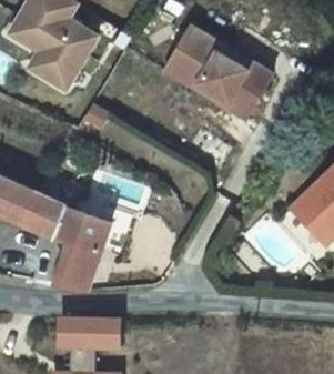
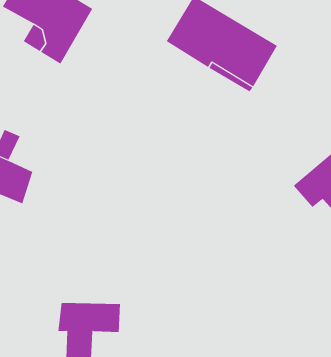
building: [27,193,111,286] -> none

